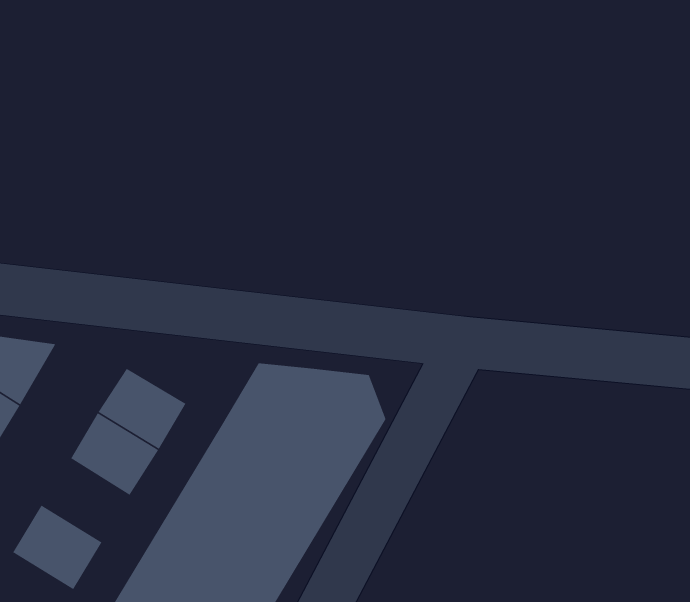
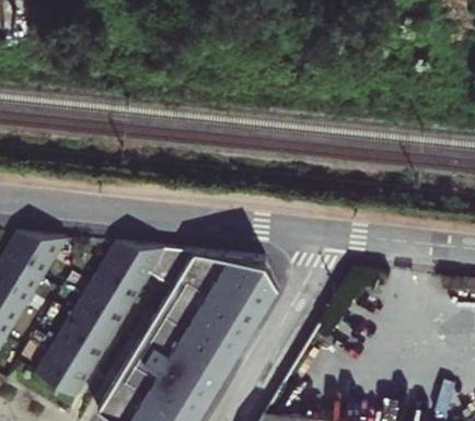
building: none -> [108,246,193,294]
building: none -> [54,315,111,369]

